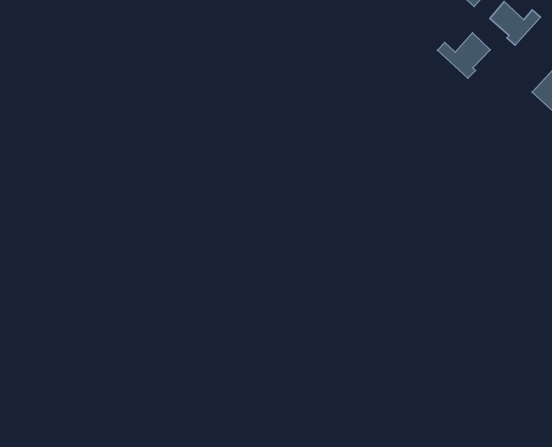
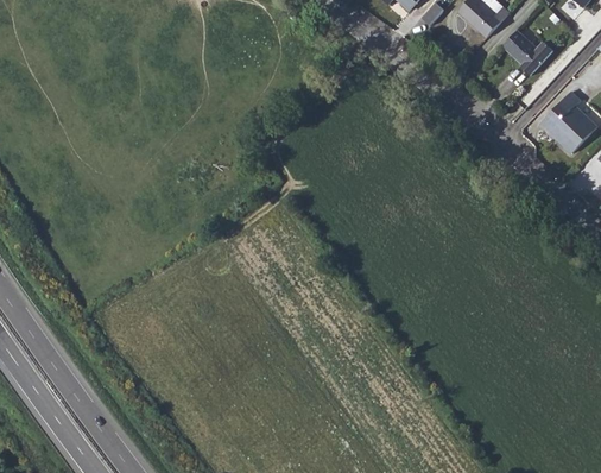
building: [437,33,490,78] -> none

